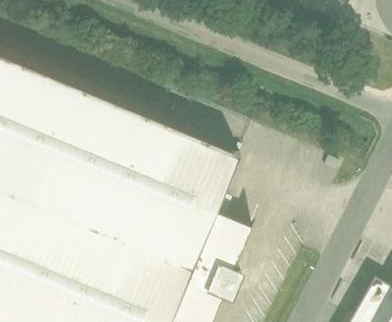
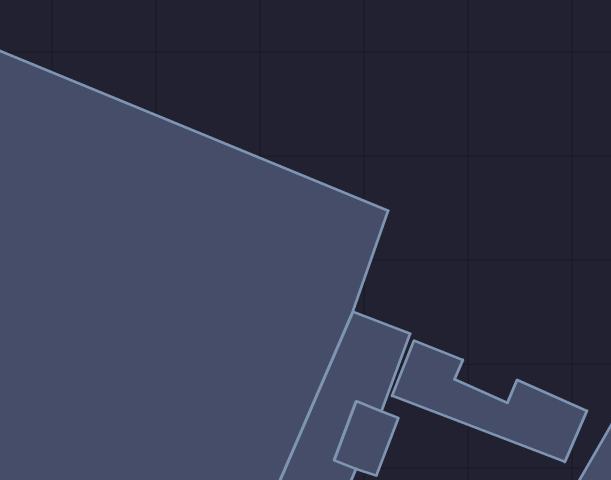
building: none -> [392,341,587,462]

